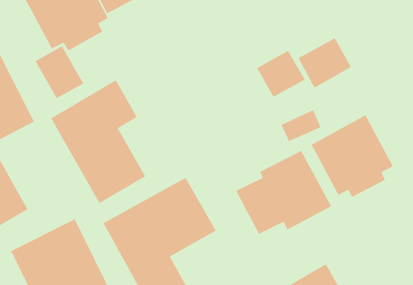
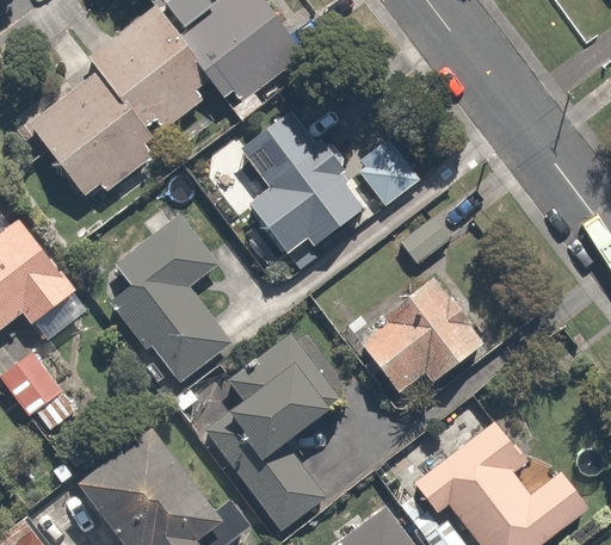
building: none -> [239,113,368,260]
building: [298,37,352,89] -> none
building: [35,45,85,99] -> none
building: [311,114,394,198] -> none

